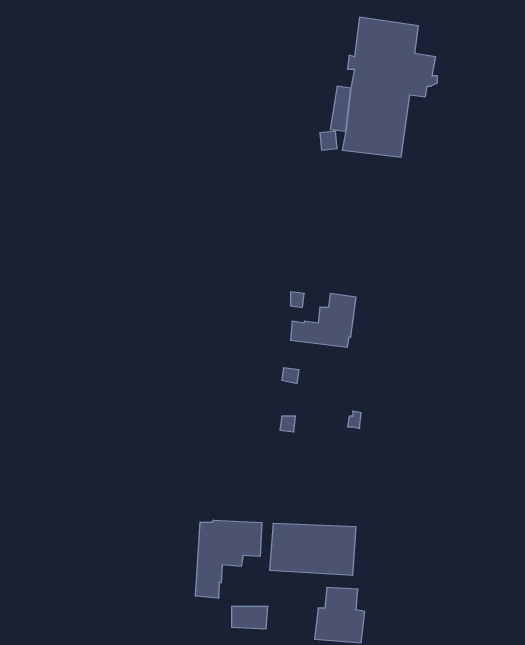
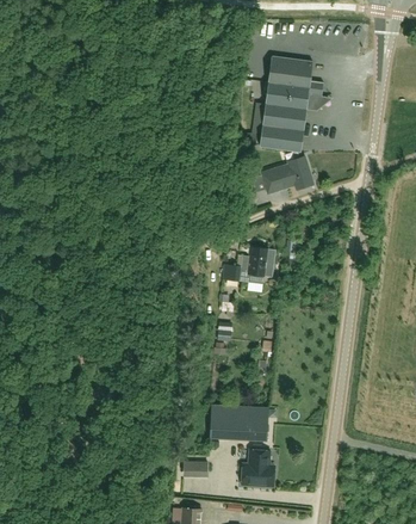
building: none -> [261,155,313,193]
building: [195,520,262,598] -> none

